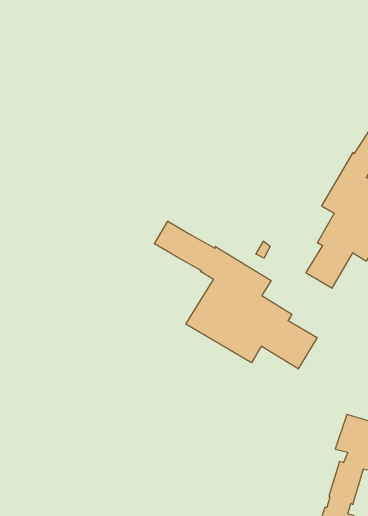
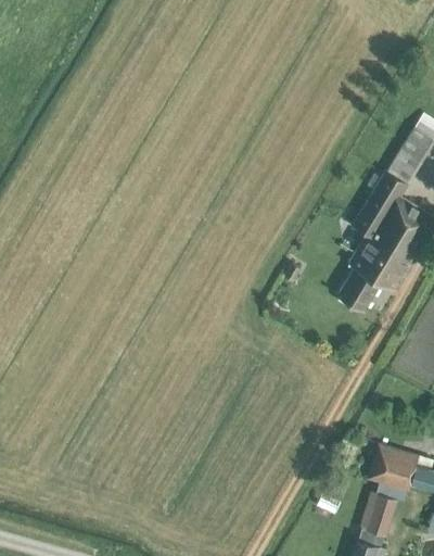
building: [154,221,317,369] -> none

